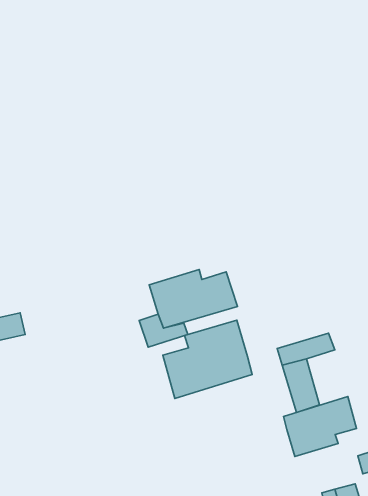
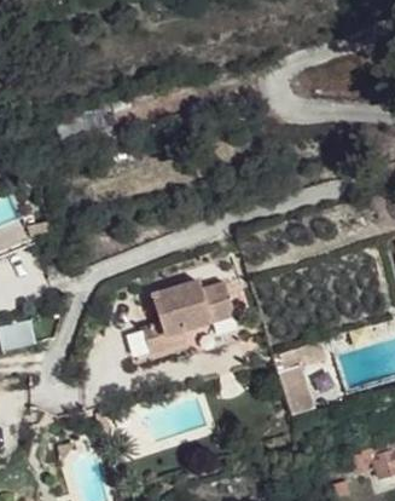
building: [163,320,252,398] -> none
building: [284,397,356,456] -> none

